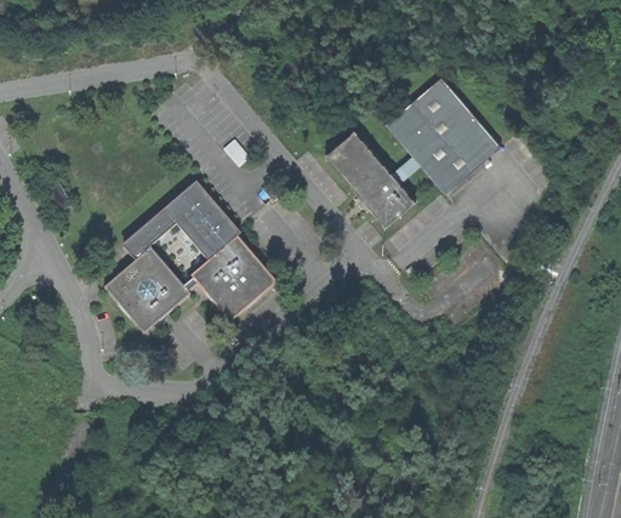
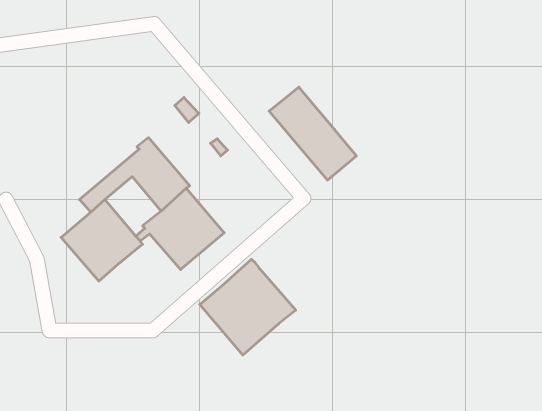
building: [384,74,500,192] -> none
building: none -> [200,259,296,355]

